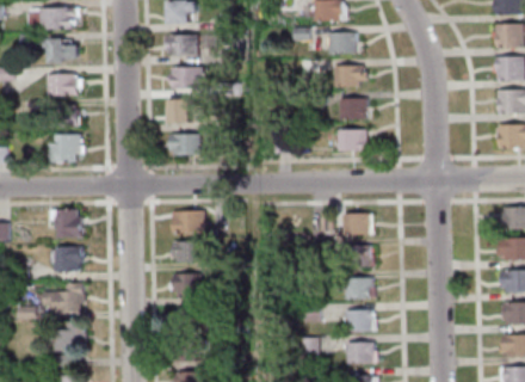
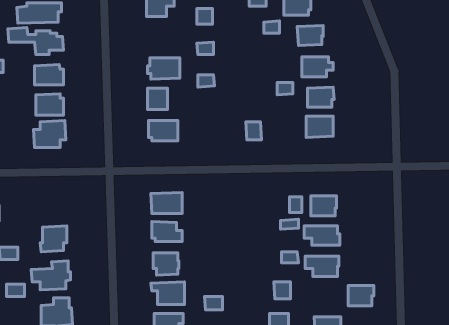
building: [167,35,198,56] -> none
building: [50,209,84,239] -> none
building: [346,310,373,332] -> [348,286,374,306]

